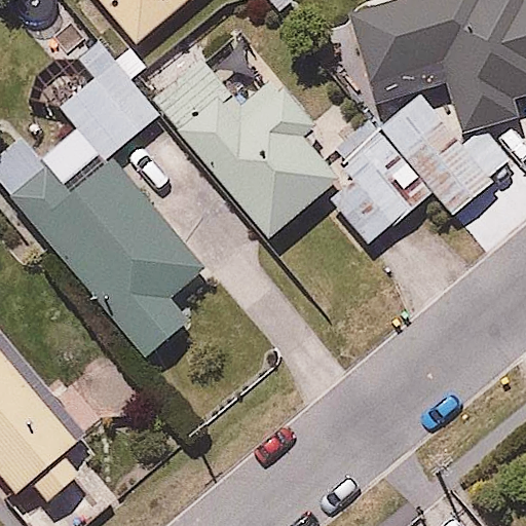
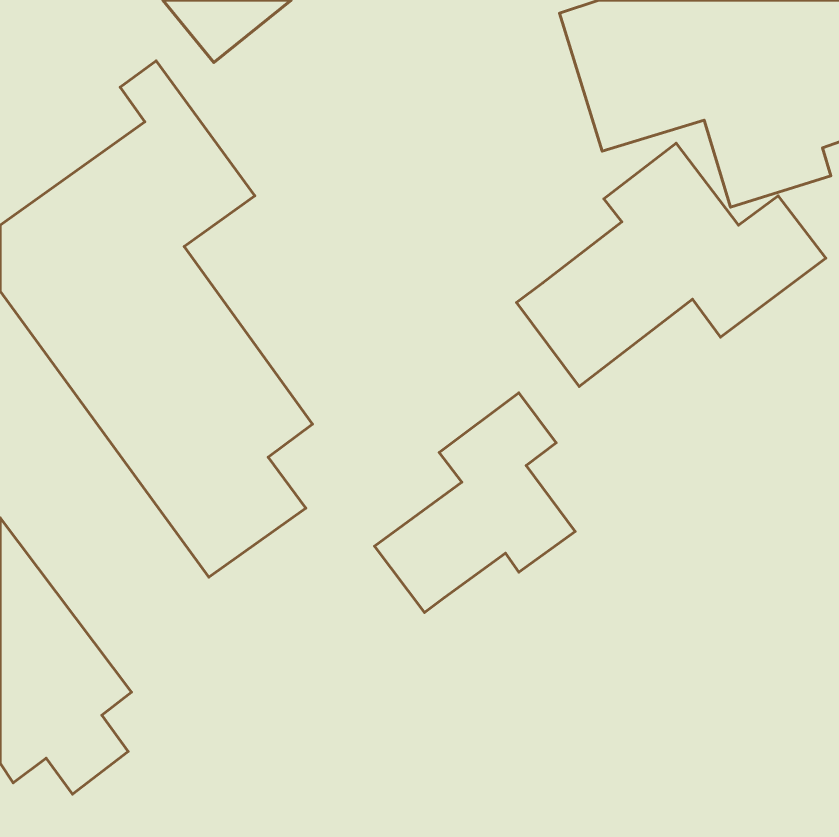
building: [156,30,340,237] -> none
building: none -> [374,393,575,613]

